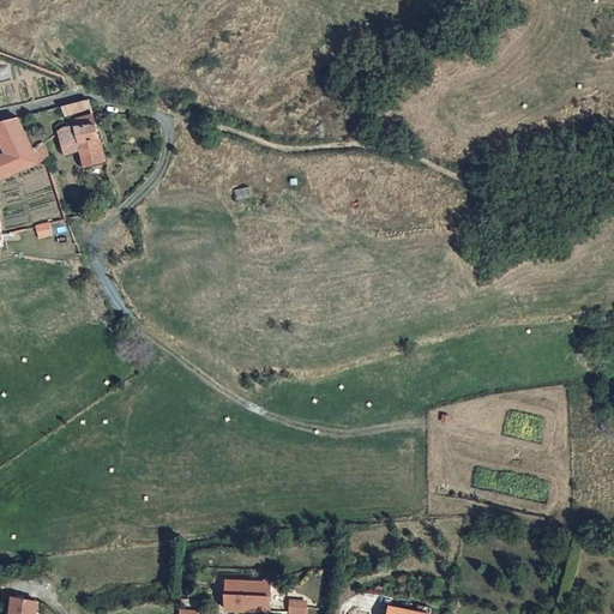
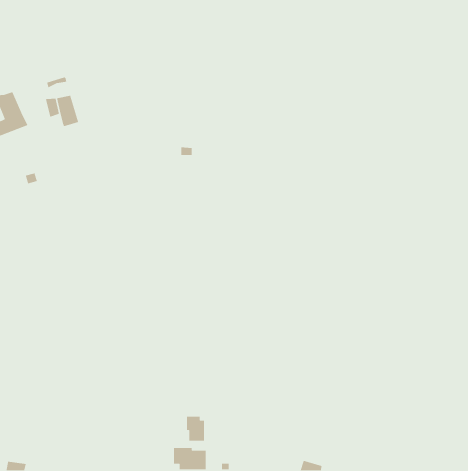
building: none -> [186,416,205,442]

